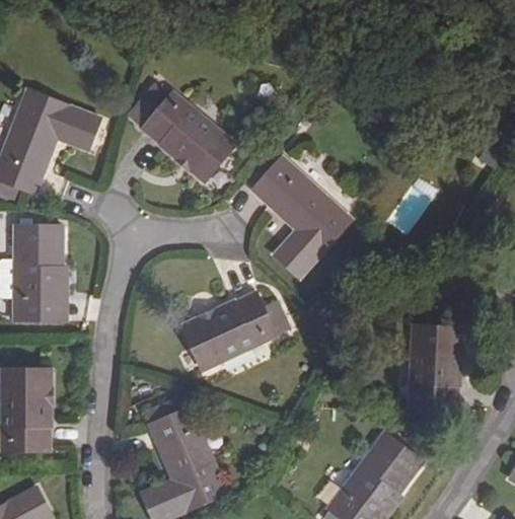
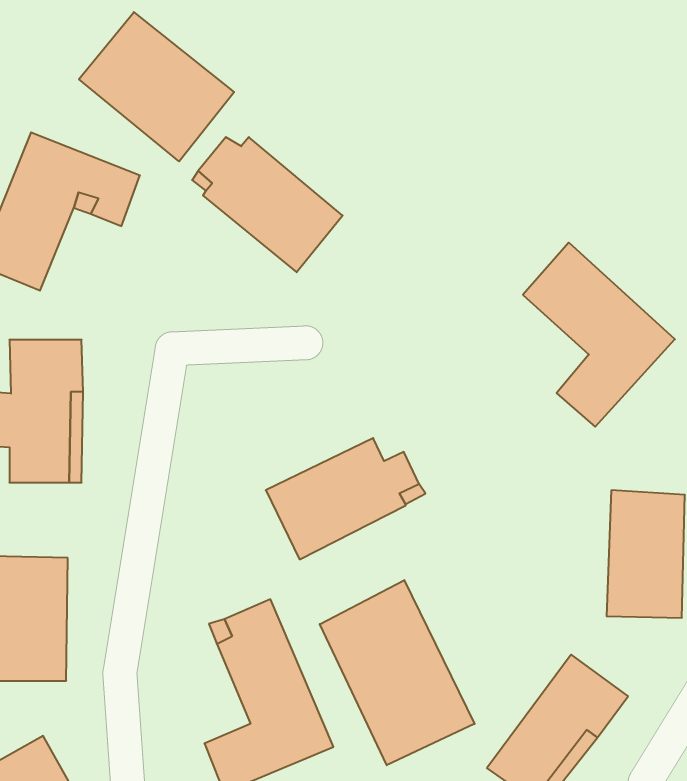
building: none -> [79,12,234,161]
building: [251,156,352,278] -> [523,243,675,427]
building: none -> [320,580,475,765]

